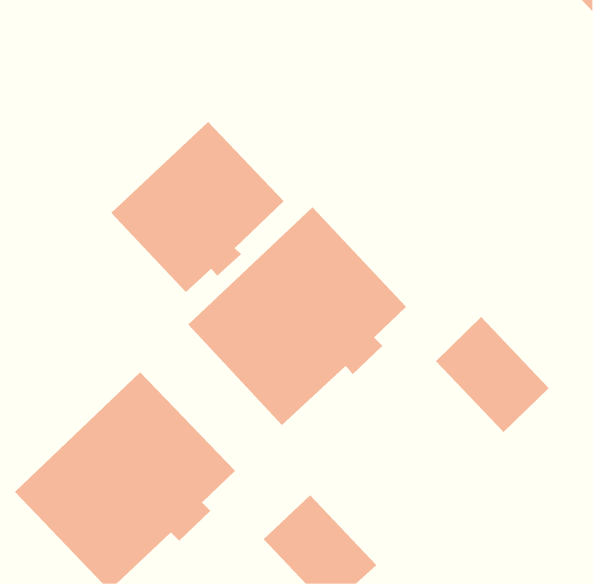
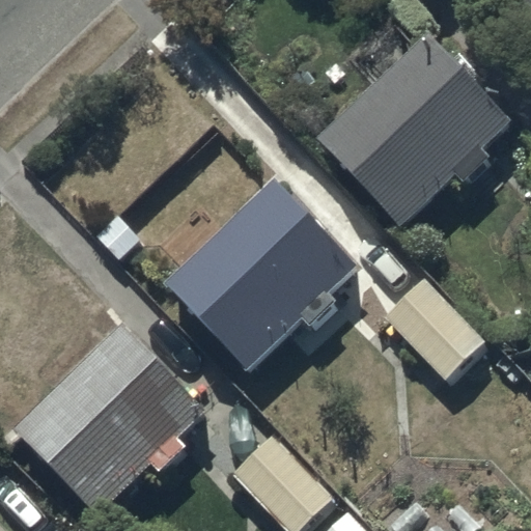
building: none -> [317,36,511,229]
building: [111,121,284,293] -> none

